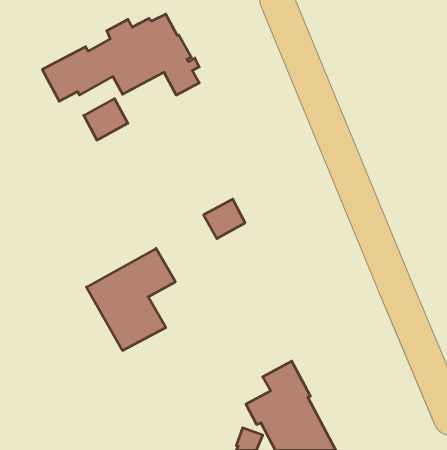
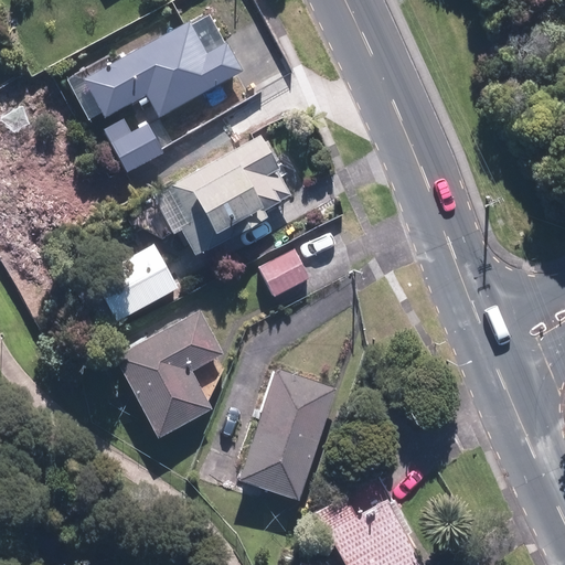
building: none -> [169,137,294,259]
building: none -> [96,245,180,323]
building: none -> [239,363,334,492]

